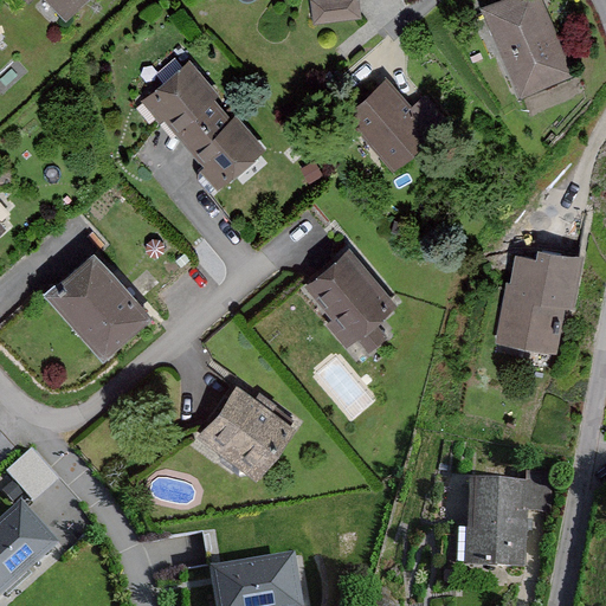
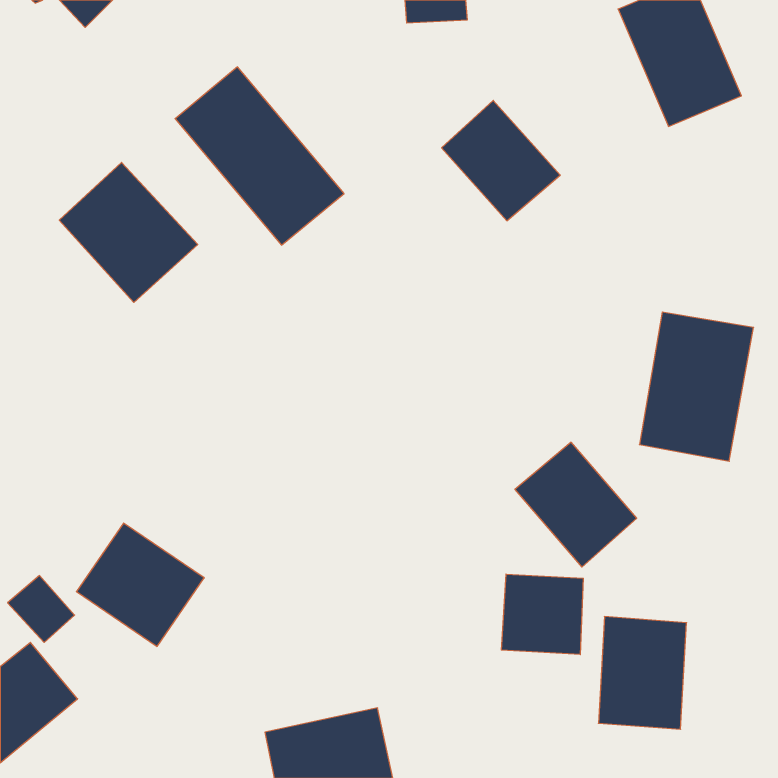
building: [38,245,146,354] -> [59,162,198,302]
building: [298,246,393,343] -> [515,442,637,567]
building: [194,382,294,478] -> [76,523,204,646]
building: none -> [501,574,583,655]

